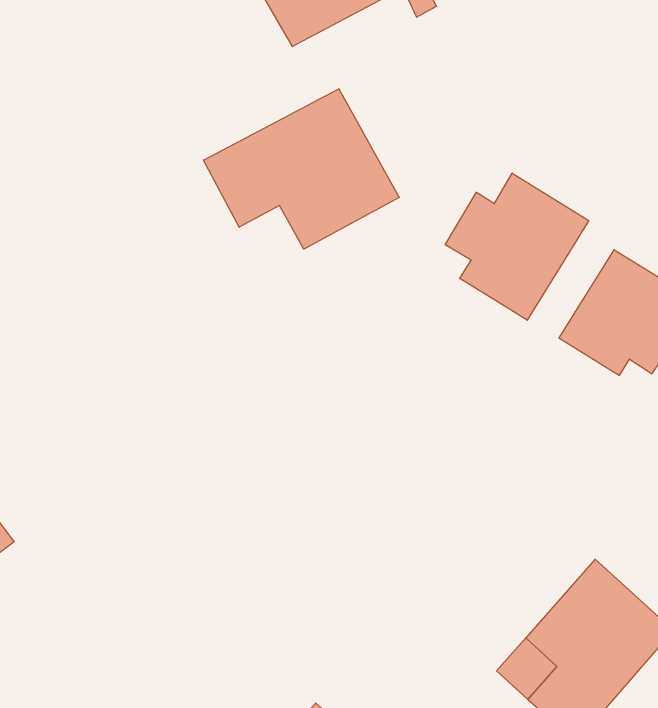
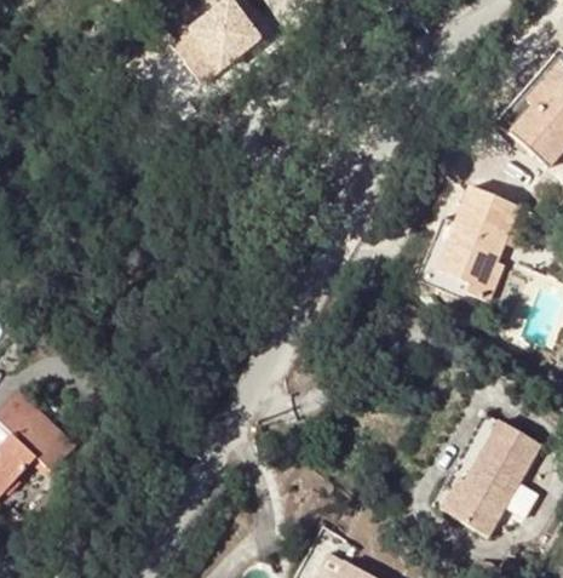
building: [203,89,399,249] -> none
building: [445,173,589,320] -> none

